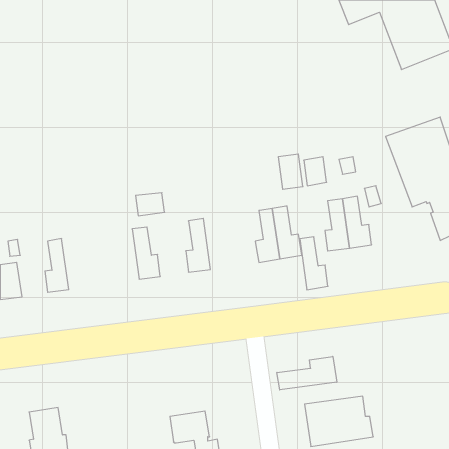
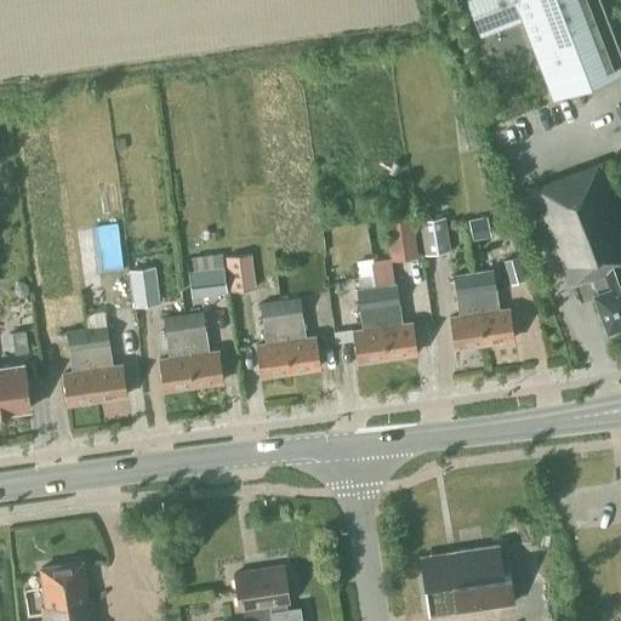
building: none -> [226,255,256,292]
building: none -> [129,267,161,308]
building: none -> [160,317,193,391]
building: none -> [86,327,125,400]
building: [300,237,328,290] -> [281,300,320,372]
building: [277,356,337,390] -> none

